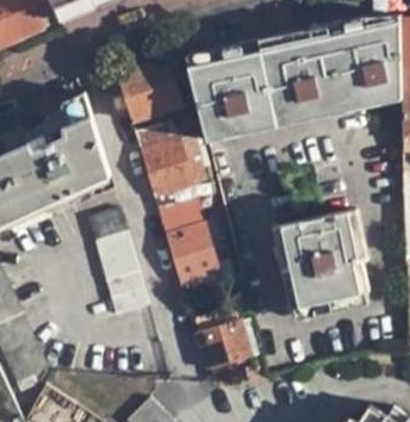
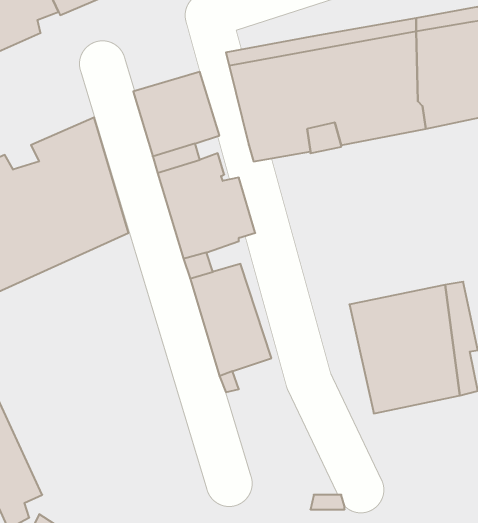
building: [89,210,150,316] -> none
building: [194,322,260,371] -> none

